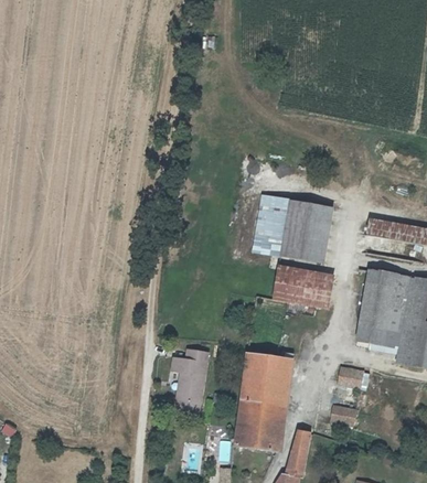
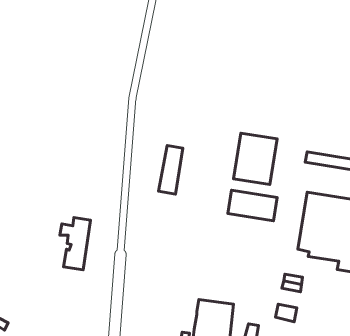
building: [261,197,290,255] -> [159,146,183,194]
building: [171,347,207,409] -> [60,217,91,270]
building: [241,348,287,402] -> none

